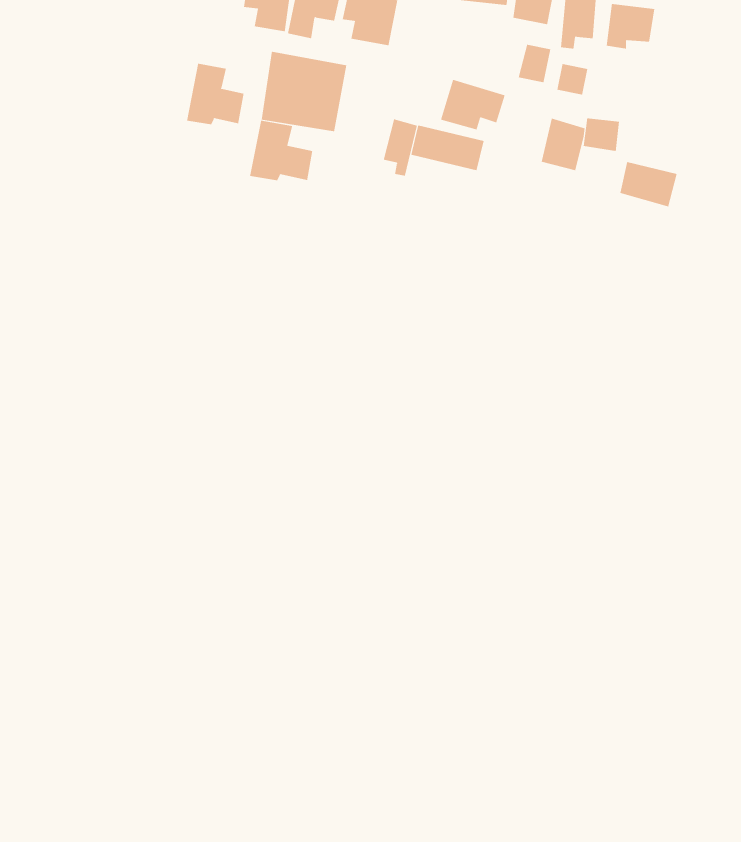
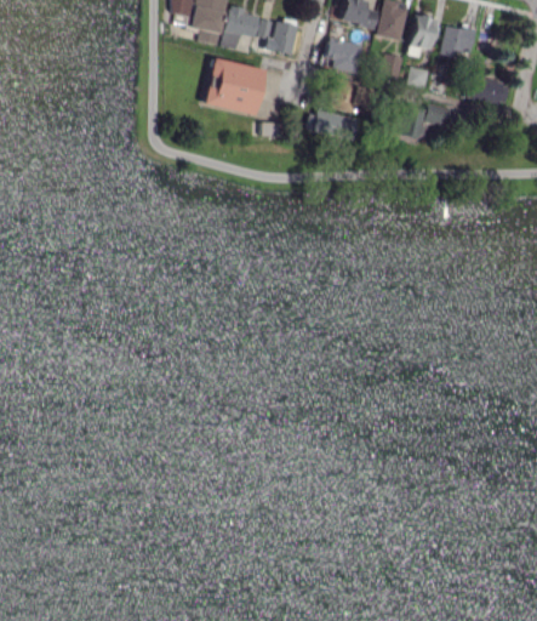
building: none -> [326,38,364,74]
building: [186,63,244,125] -> none
building: [383,118,417,176] -> none
building: [250,120,313,181] -> none
building: [619,161,678,207] -> [470,75,510,107]

